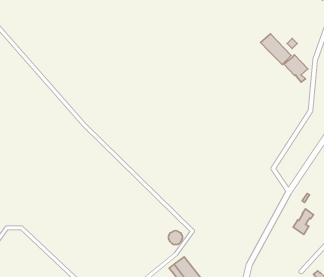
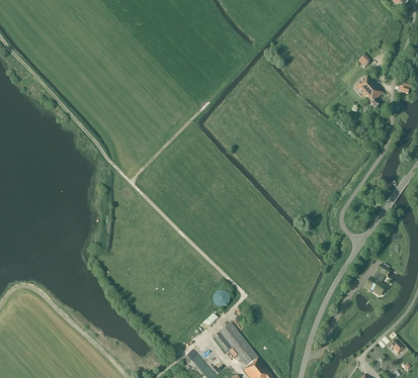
building: [261,34,291,65] -> none

